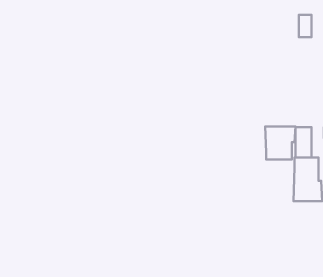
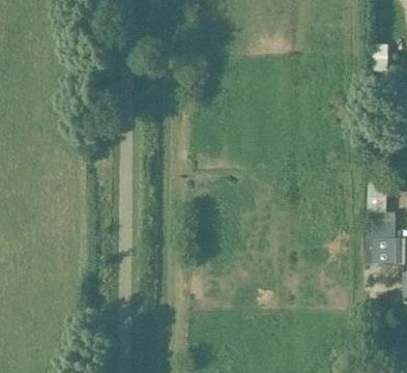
building: [265,127,295,160] -> none

